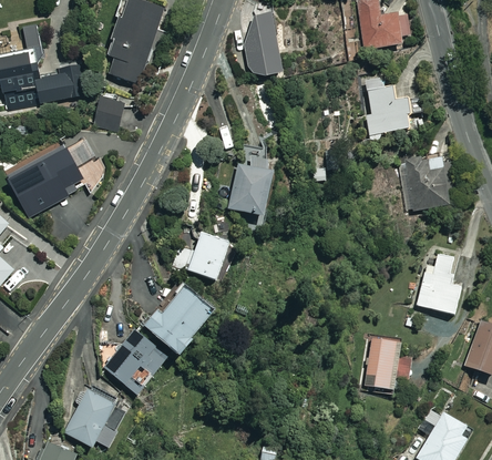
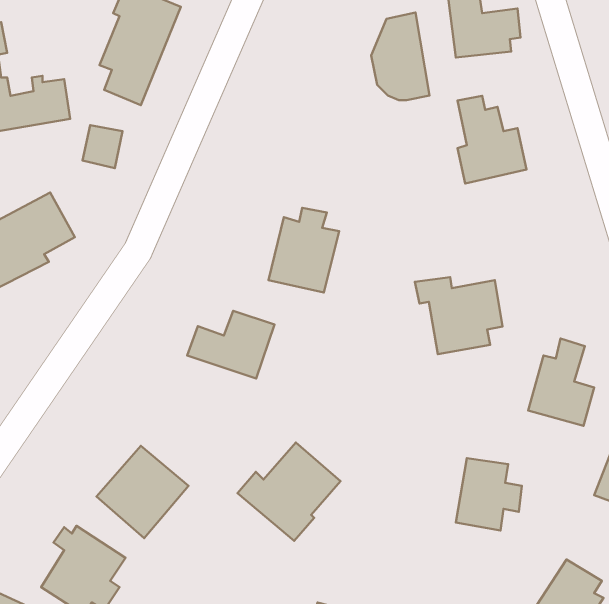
building: [243,14,285,78] -> [371,13,429,100]
building: [396,154,459,209] -> [415,277,502,354]
building: [147,290,222,361] -> [237,443,340,541]

